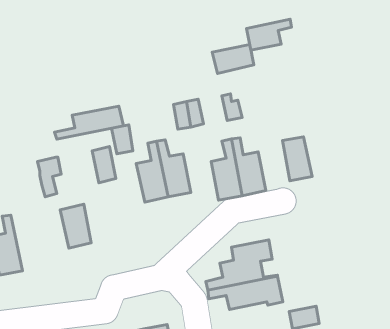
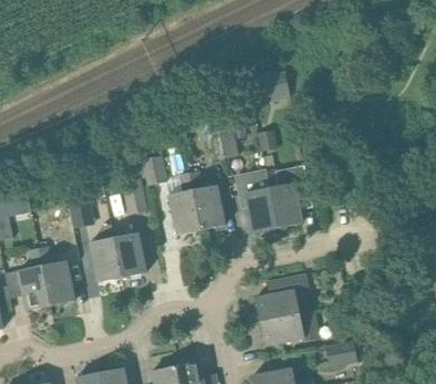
building: [247,19,292,50] -> none
building: [54,106,123,139] -> none
building: [282,137,312,181] -> none
building: none -> [114,232,146,277]
building: none -> [39,246,74,305]

